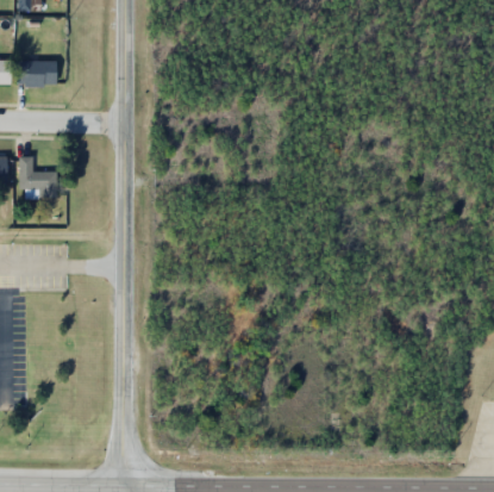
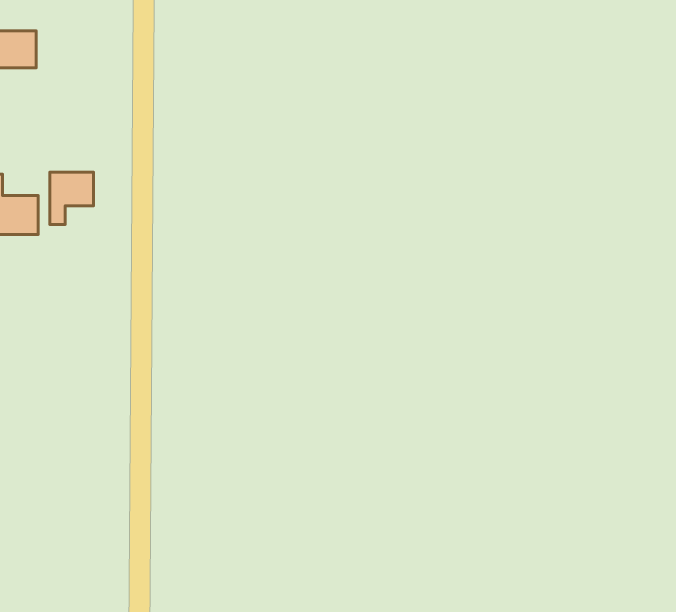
building: none -> [50,172,93,224]

